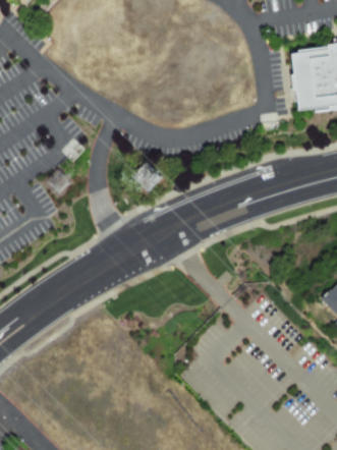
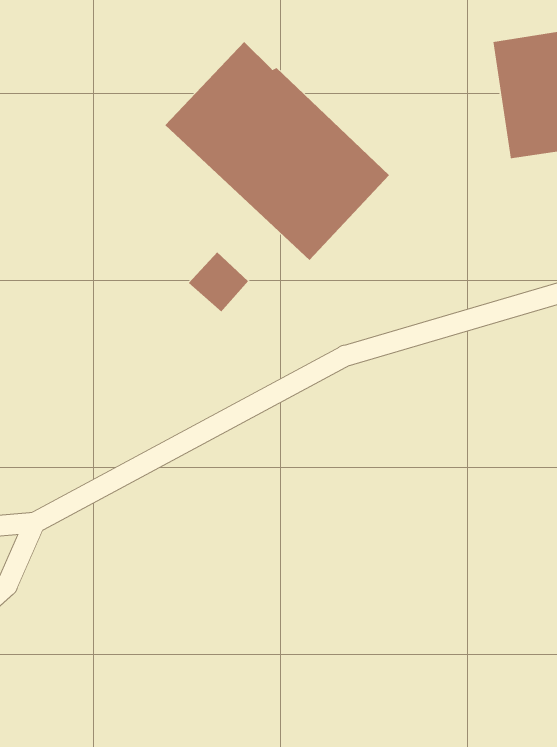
building: none -> [165,41,390,261]

